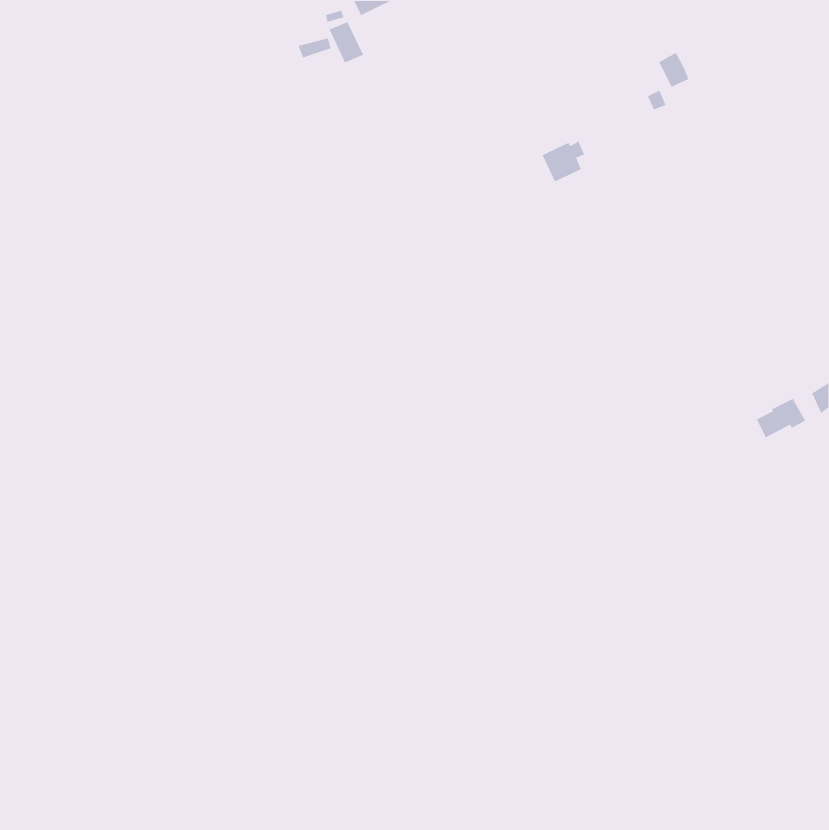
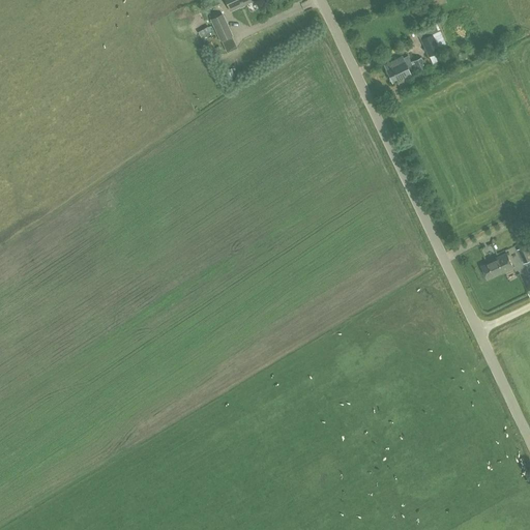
building: [541,140,585,182] -> [383,55,411,82]

